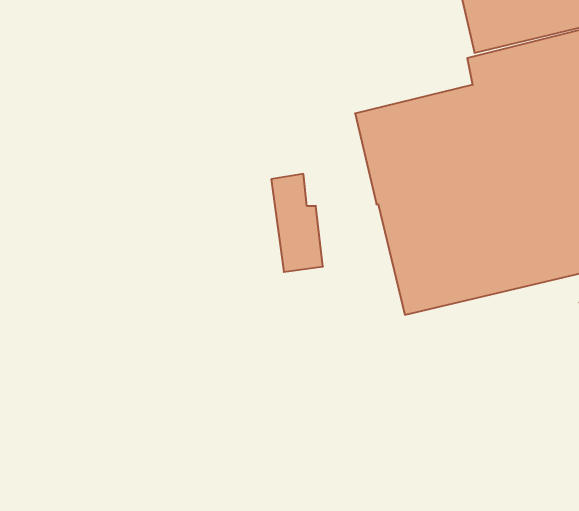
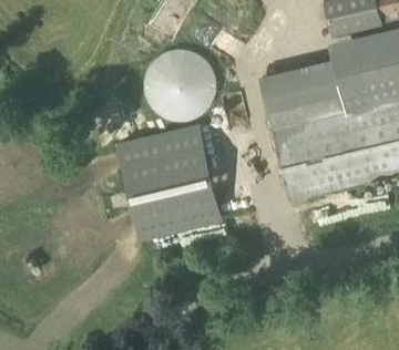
building: none -> [149,49,218,117]
building: none -> [117,127,219,239]

